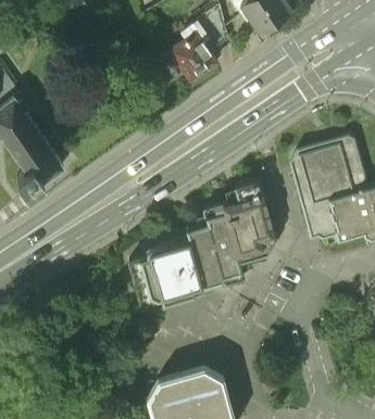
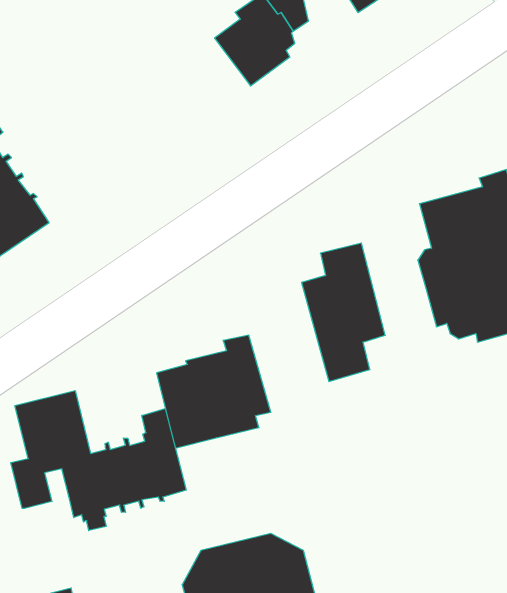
building: [186,204,239,287] -> none
building: none -> [11,391,186,531]

